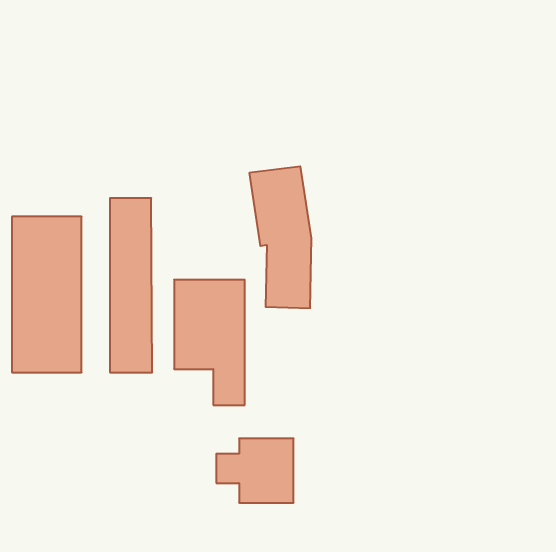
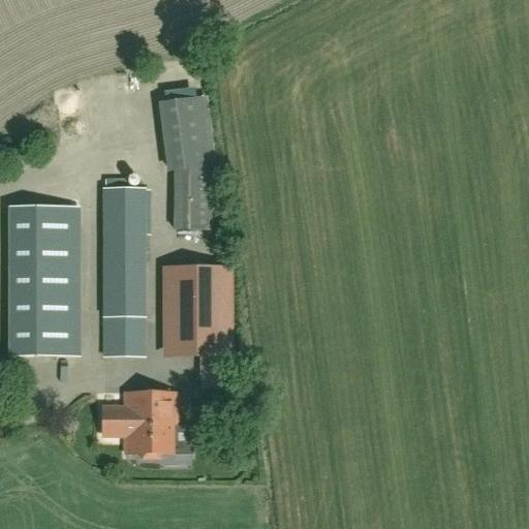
building: [249,166,311,308] -> [157,95,216,229]
building: [216,438,294,503] -> [103,392,177,453]

